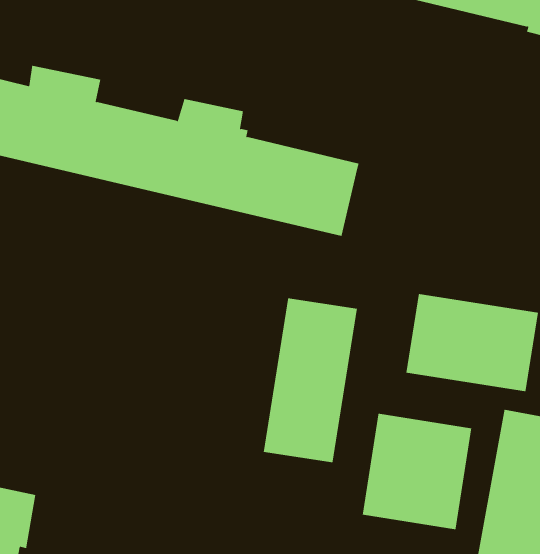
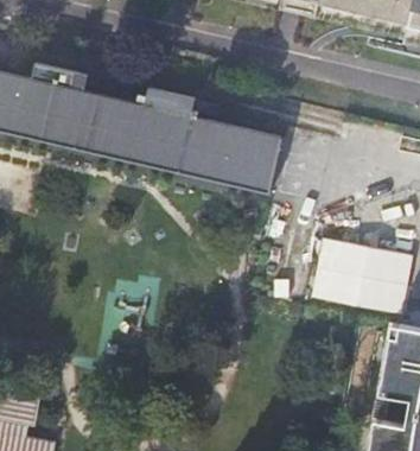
building: [263,298,357,463] -> none
building: [362,413,472,530] -> none

